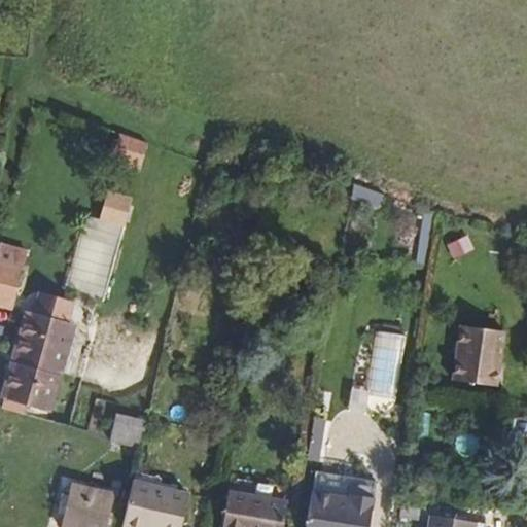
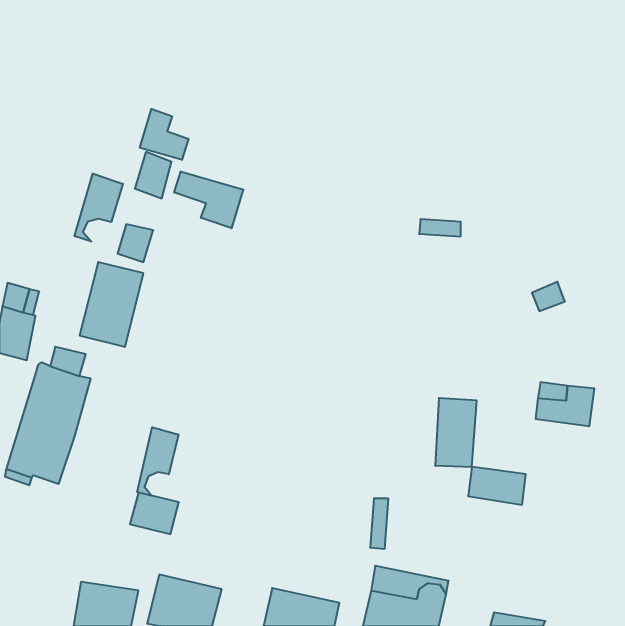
building: none -> [140,109,188,160]
building: none -> [174,171,243,228]
building: none -> [75,174,123,242]
building: [447,352,495,384] -> [468,467,526,505]
building: none -> [137,427,178,496]

